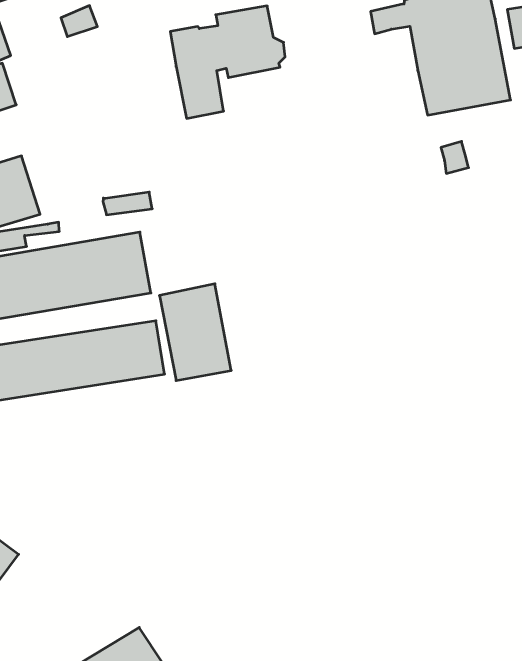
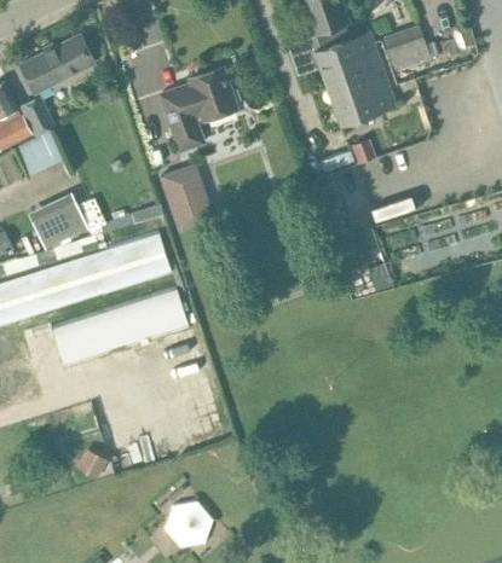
building: [159,284,231,381] -> [160,163,215,232]

